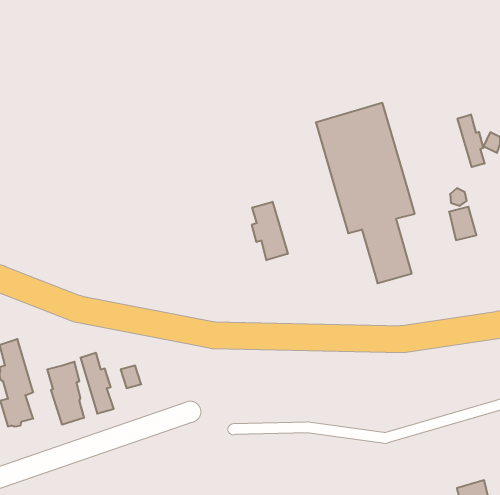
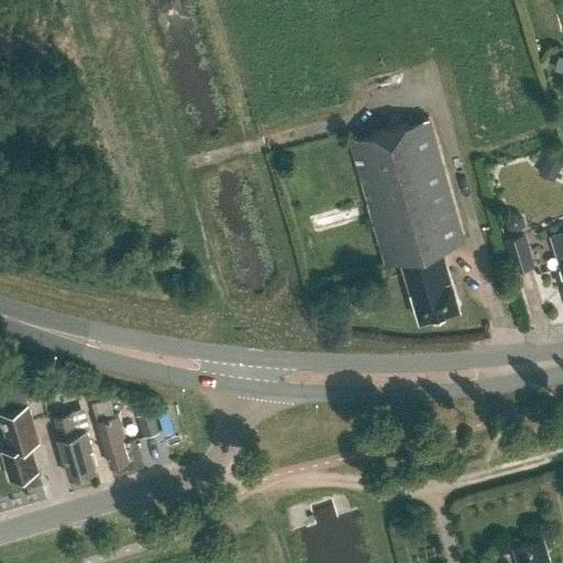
building: [458,114,485,167] -> none
building: [252,202,288,260] -> none

